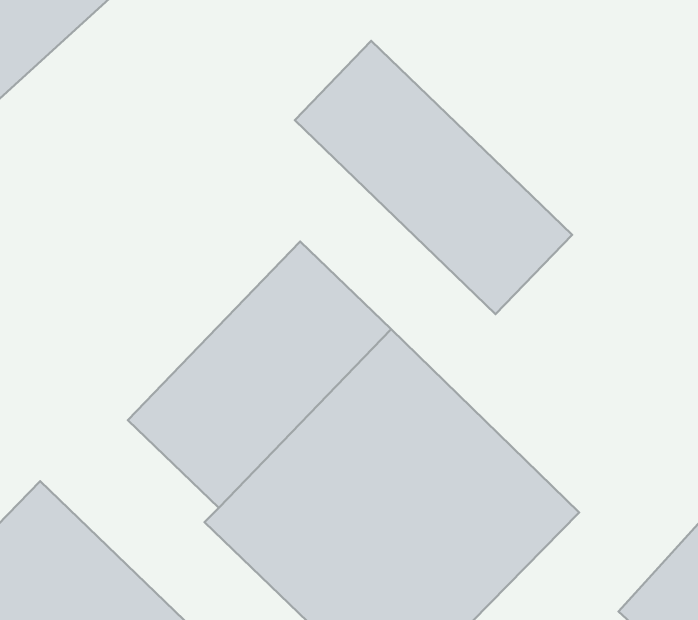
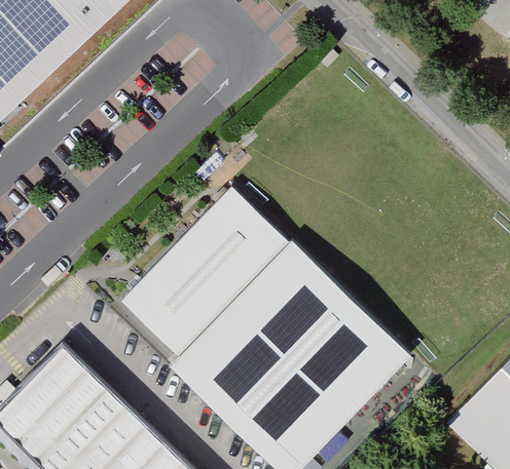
building: [295,41,572,314] -> none

